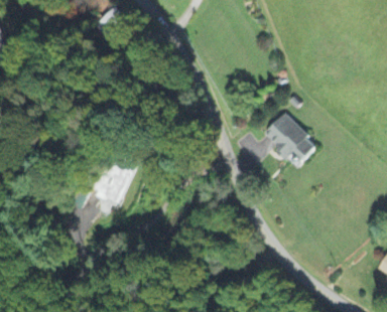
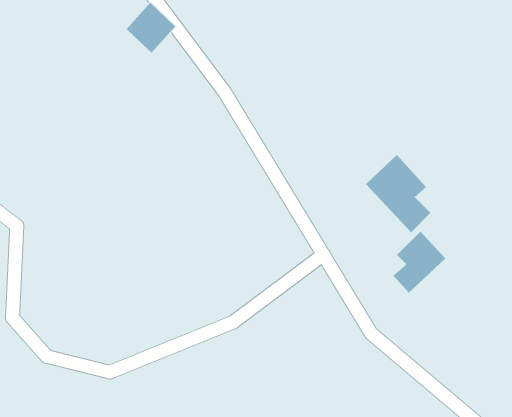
building: none -> [393,231,446,294]

